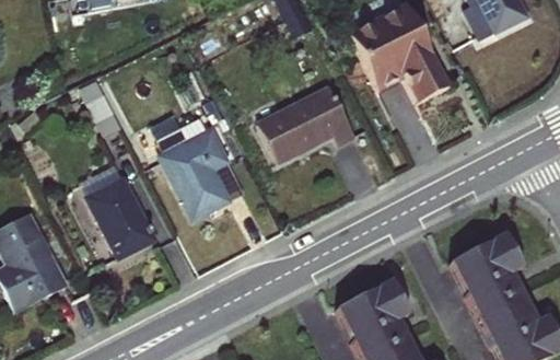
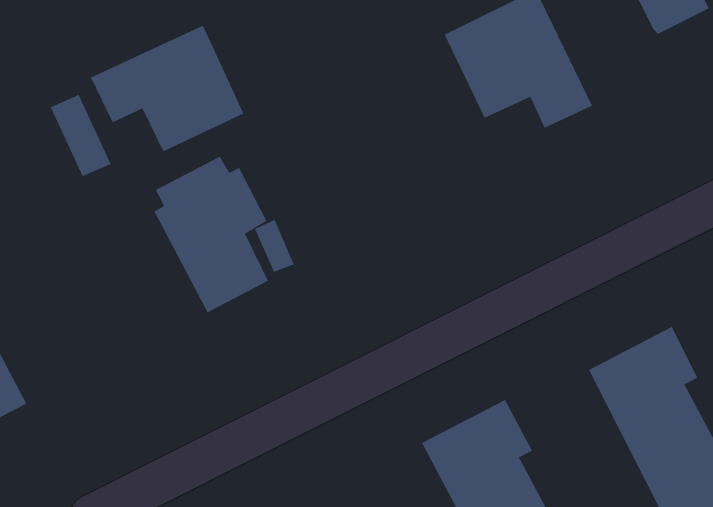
building: none -> [90,25,244,152]
building: [253,81,357,167] -> none
building: [82,175,159,262] -> none

